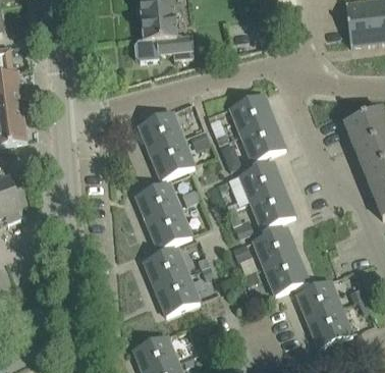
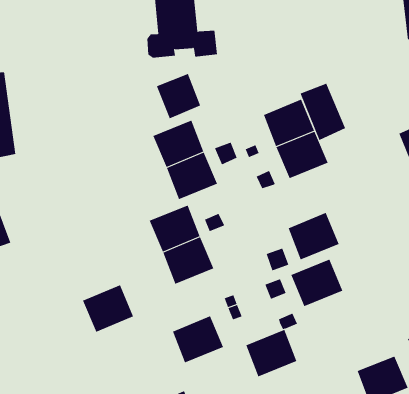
building: none -> [156,73,201,119]
building: none -> [300,83,346,141]
building: [240,161,283,201] -> none
building: [145,247,187,286] -> [82,285,134,332]
building: [265,253,308,292] -> [246,329,297,377]
building: [297,279,340,319] -> none

